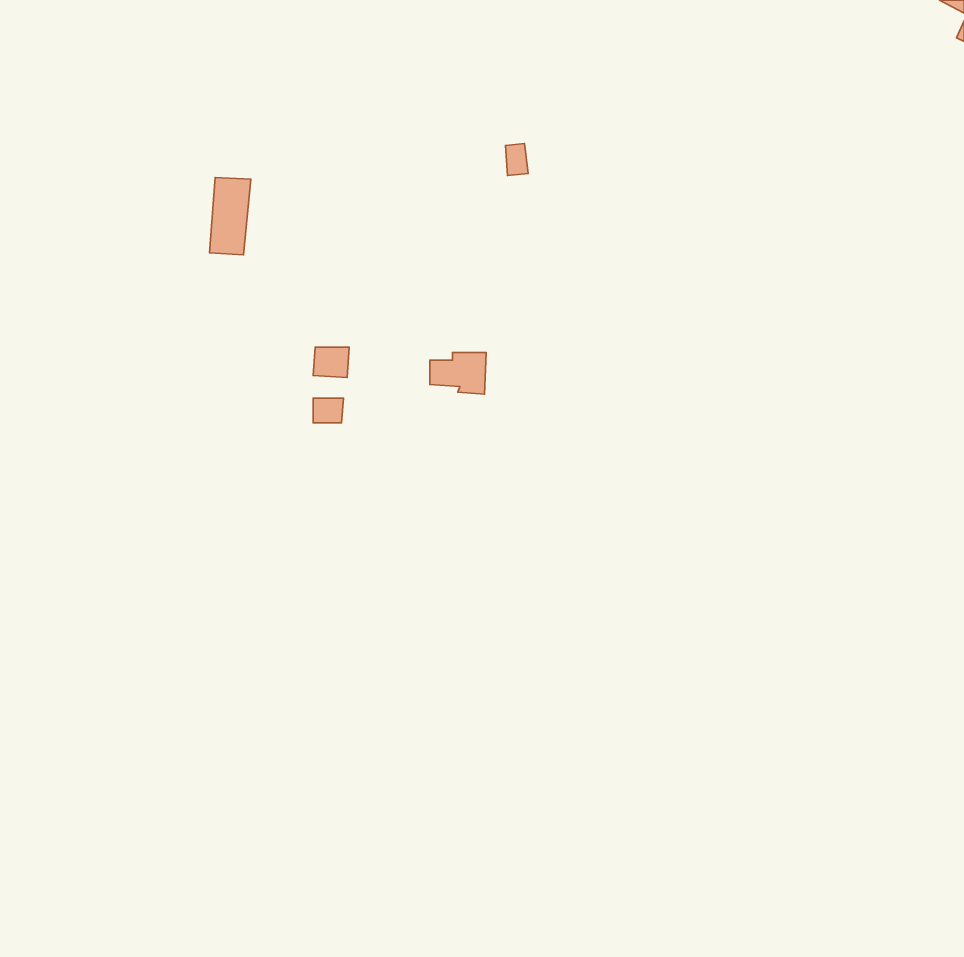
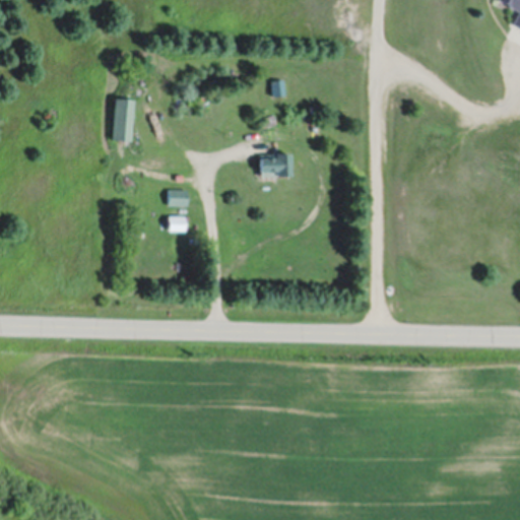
building: [430,353,486,394] -> [260,155,290,178]

